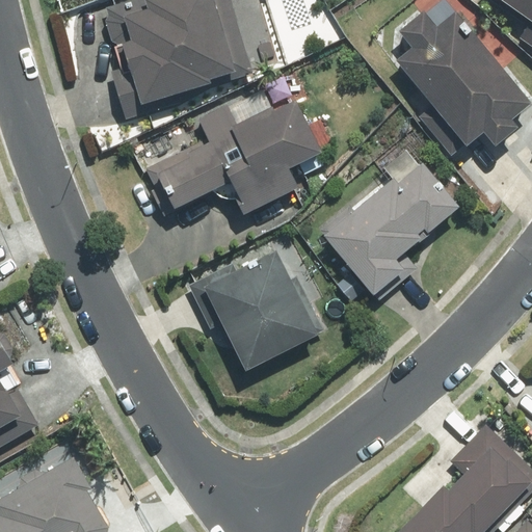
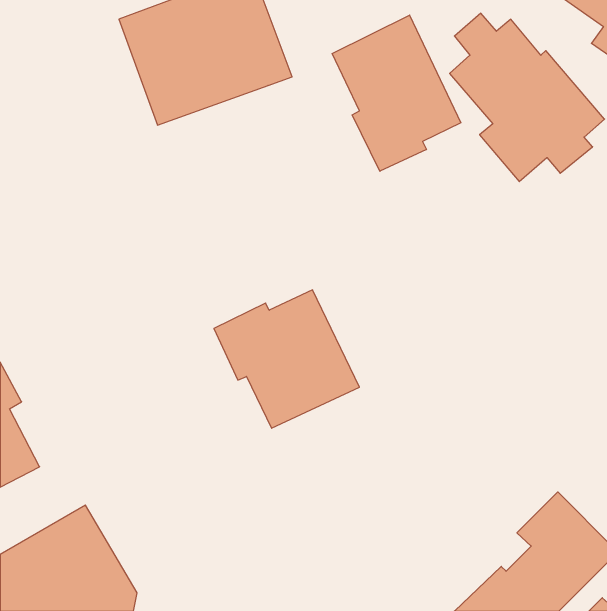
building: none -> [332,15,461,171]
building: [147,88,320,215] -> none
building: [318,152,458,299] -> none

